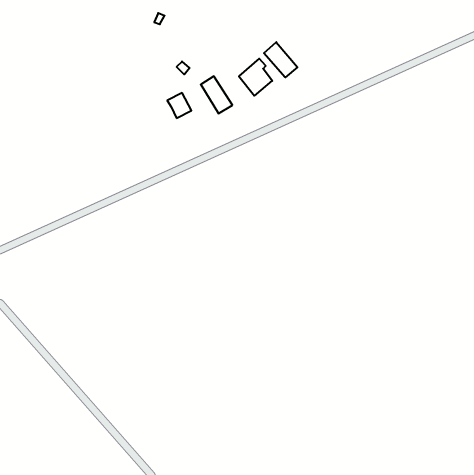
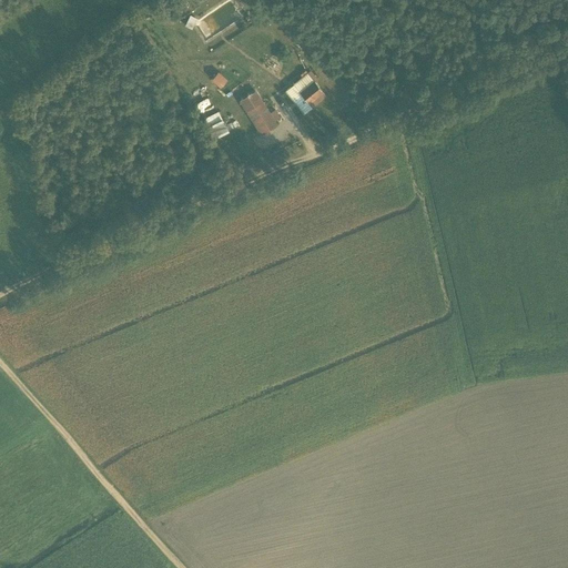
building: [264,42,297,77] -> none

